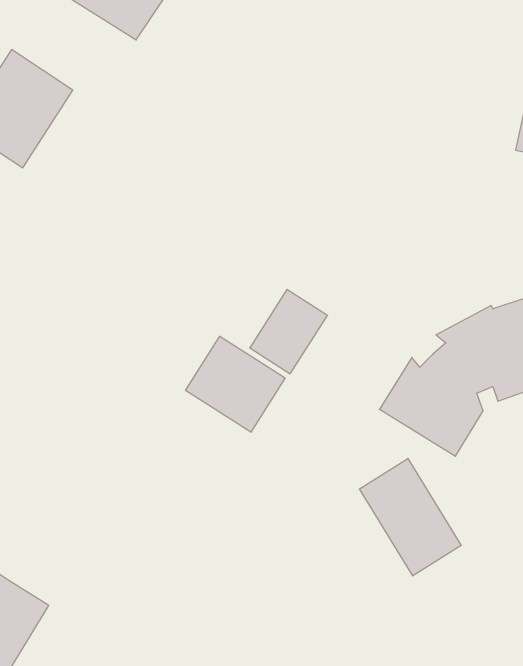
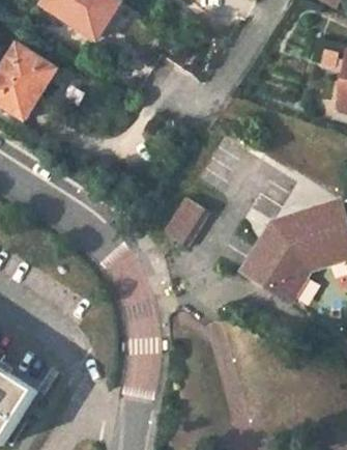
building: [186,336,285,432] -> none
building: [359,458,461,576] -> none

